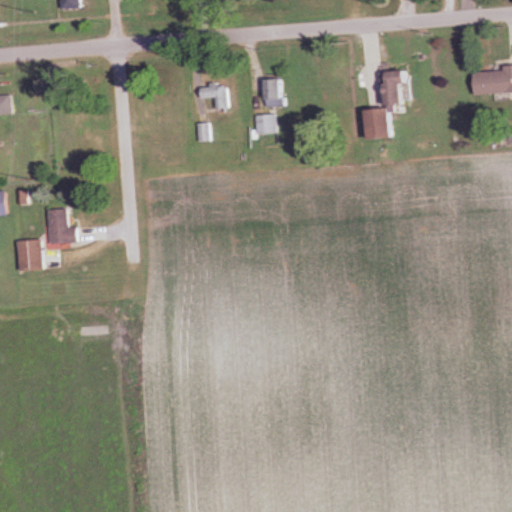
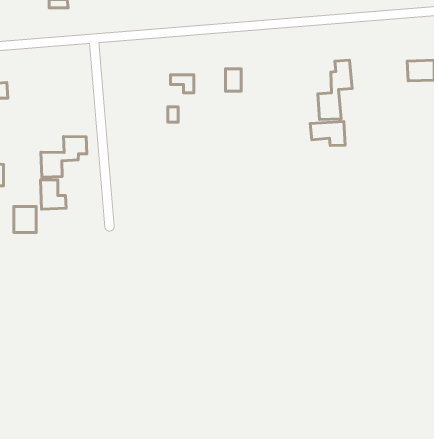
building: [253,115,274,134] -> none
building: none -> [310,121,345,146]
building: none -> [41,137,87,177]

